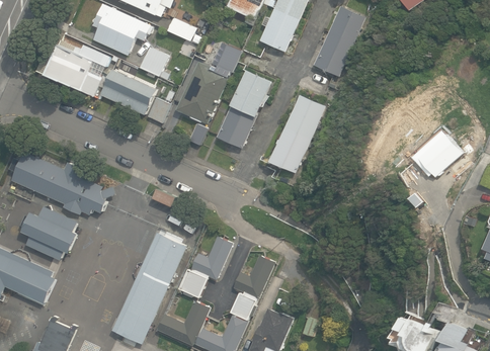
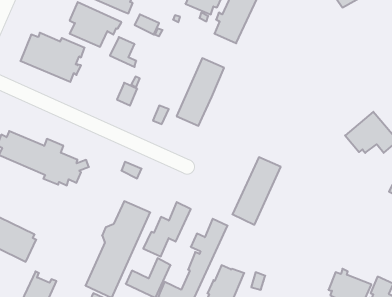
building: [313,6,365,77] -> none
building: [176,49,238,123] -> none
building: [99,69,156,114] -> none
building: [269,95,325,173] -> [232,157,281,225]
building: [20,206,76,260] -> none

